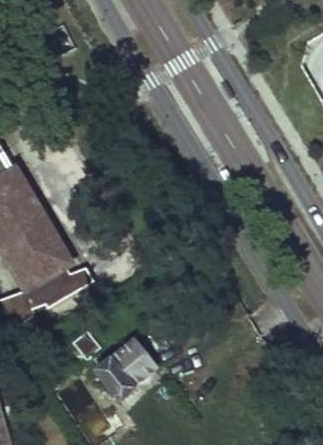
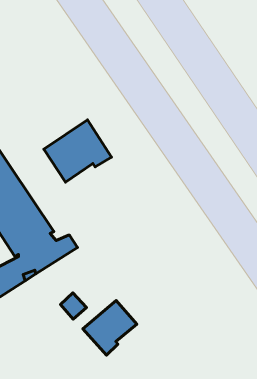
building: none -> [44,120,111,182]

